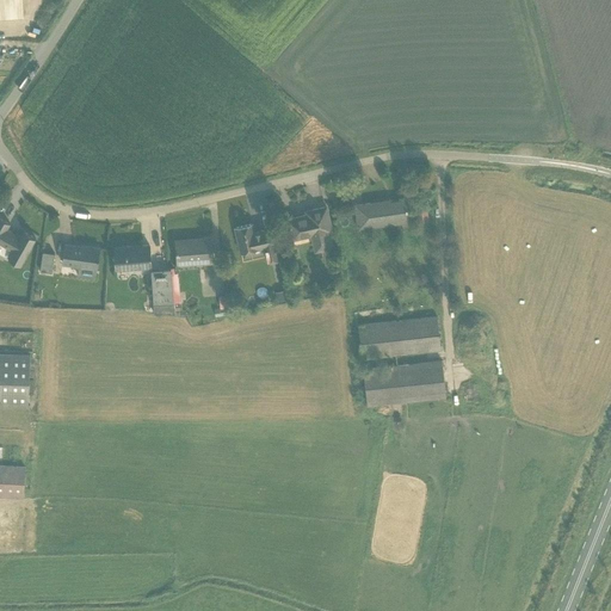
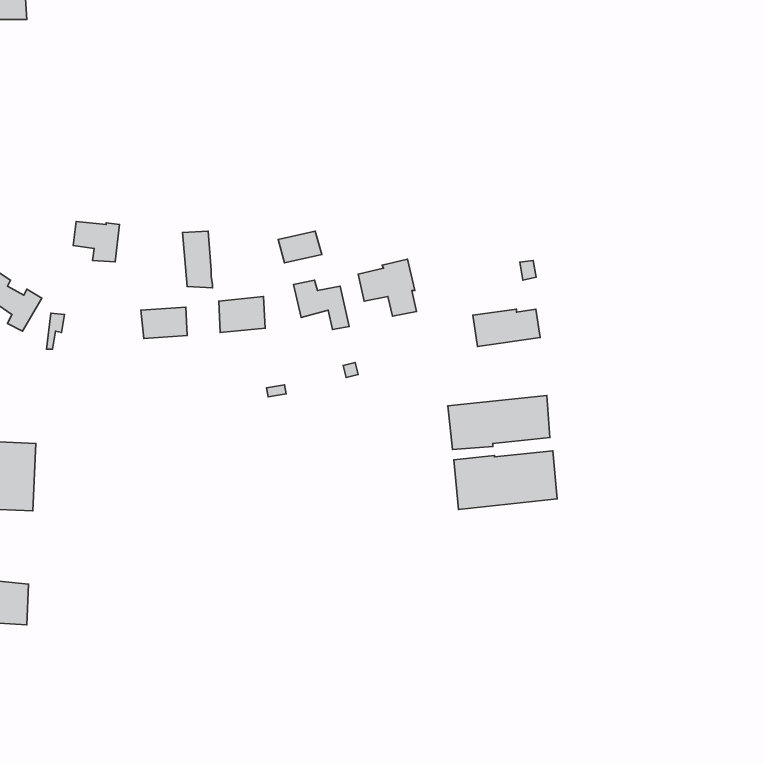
building: none -> [278,231,322,263]
building: [353,199,407,229] -> [473,309,540,347]
building: [61,245,98,277] -> [73,221,120,262]
building: [149,267,173,313] -> [183,231,213,288]

